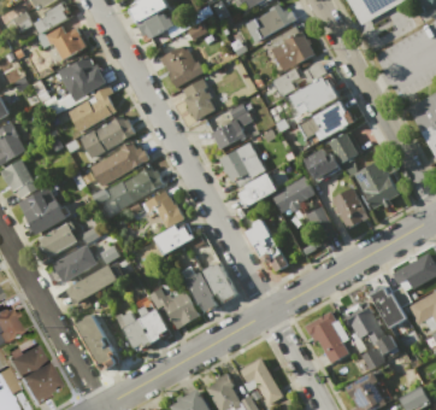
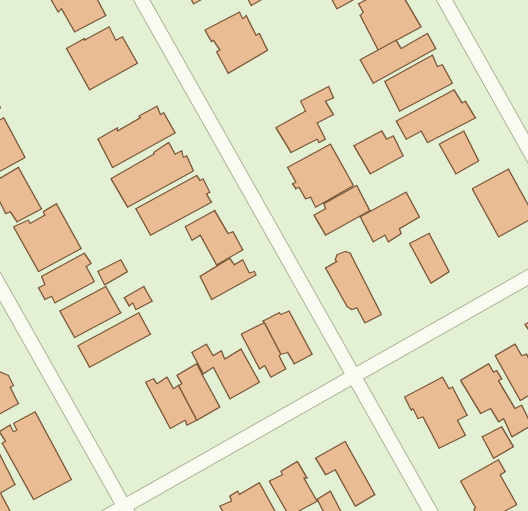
building: [182,77,216,119] -> none
building: [67,84,118,133] -> none
building: [302,147,338,178] -> [354,131,403,174]
building: [330,187,369,229] -> none
building: [75,314,119,371] -> none

